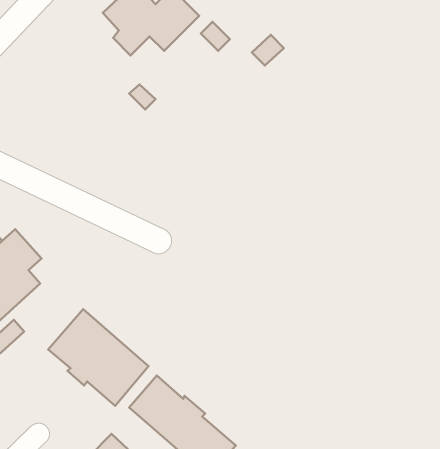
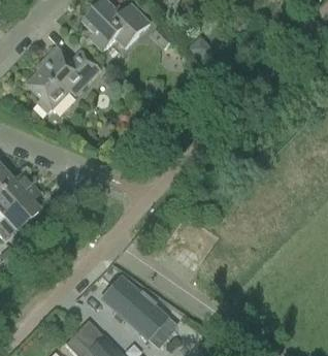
building: none -> [27,45,101,112]
building: [48,309,149,406] -> none

